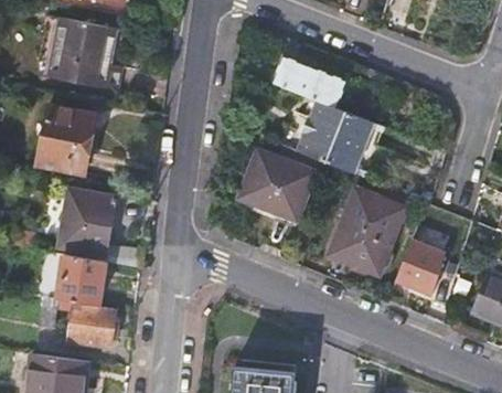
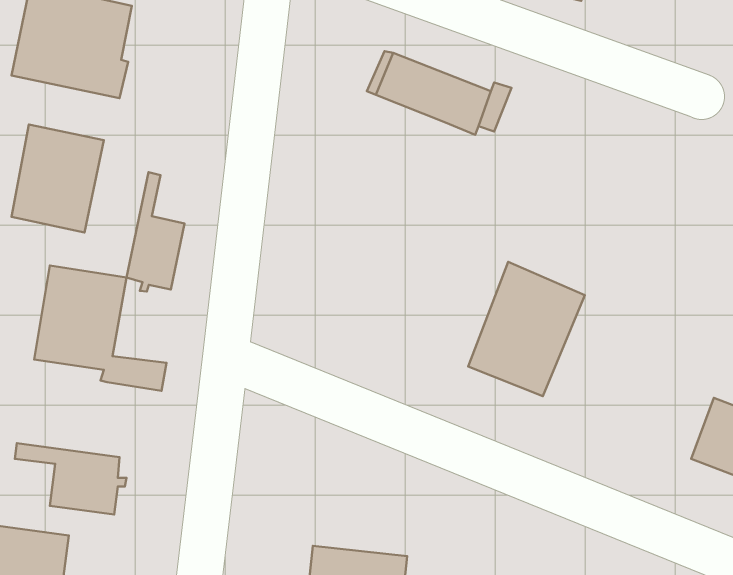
building: [298,100,385,179] -> none
building: none -> [126,172,184,292]
building: [241,151,314,221] -> none
building: [397,234,453,295] -> none
building: [42,254,104,308] -> none

